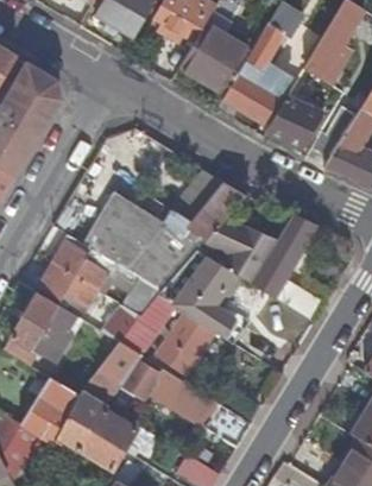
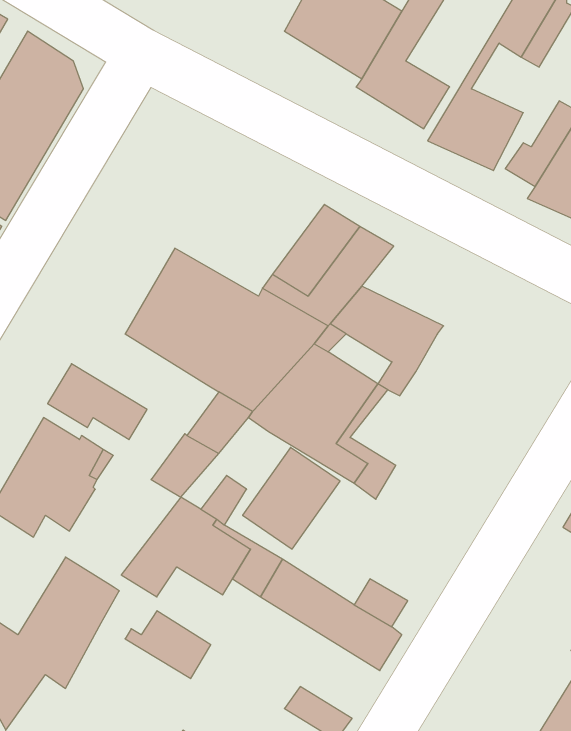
building: [248,214,319,320] -> none
building: [52,235,134,290] -> none
building: [56,417,124,471] -> none

